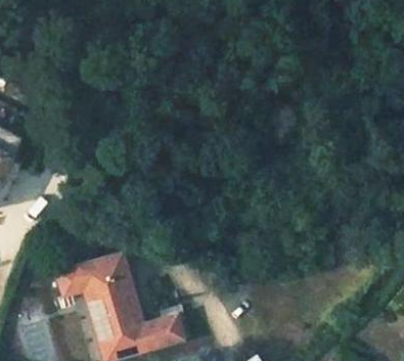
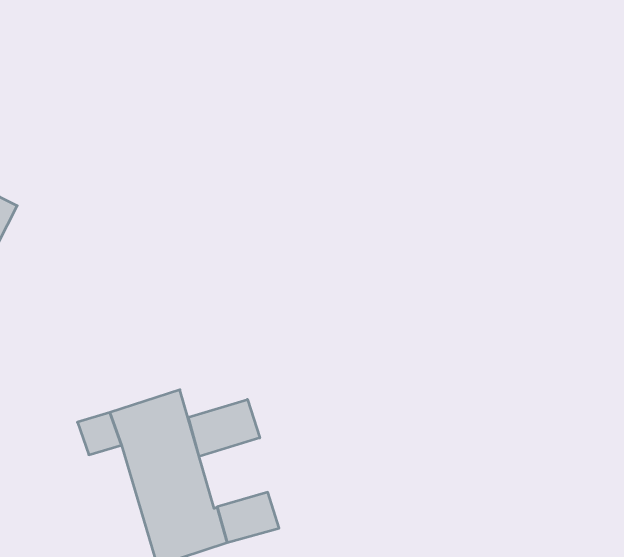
building: none -> [188,399,260,457]

